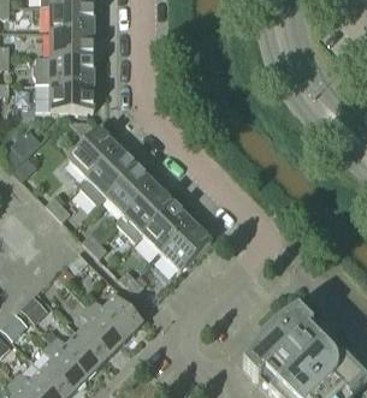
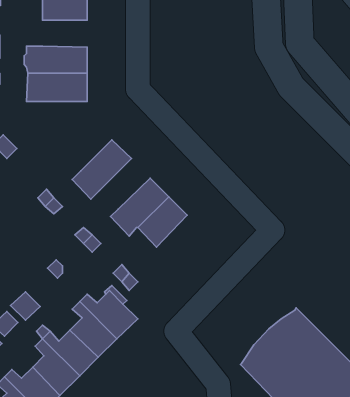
building: [51,30,94,57] -> none
building: [69,127,118,177] -> none
building: [106,165,155,214] -> none
building: [161,220,211,271] -> none

